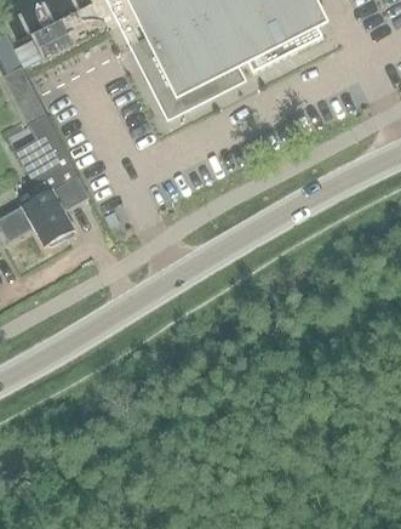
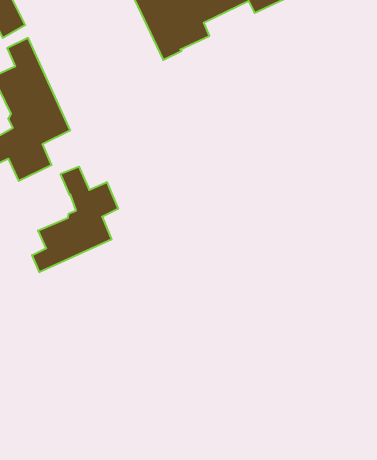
building: none -> [32,167,118,272]

